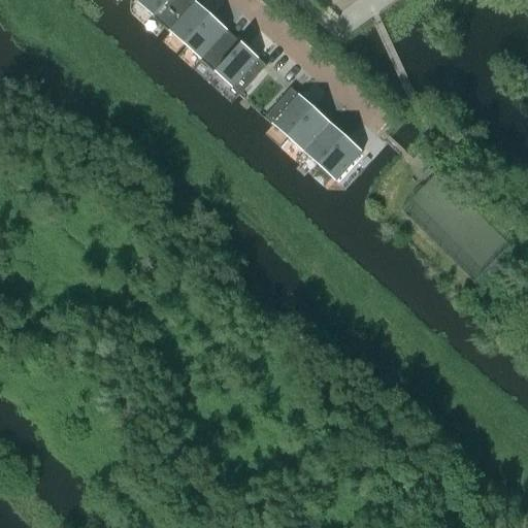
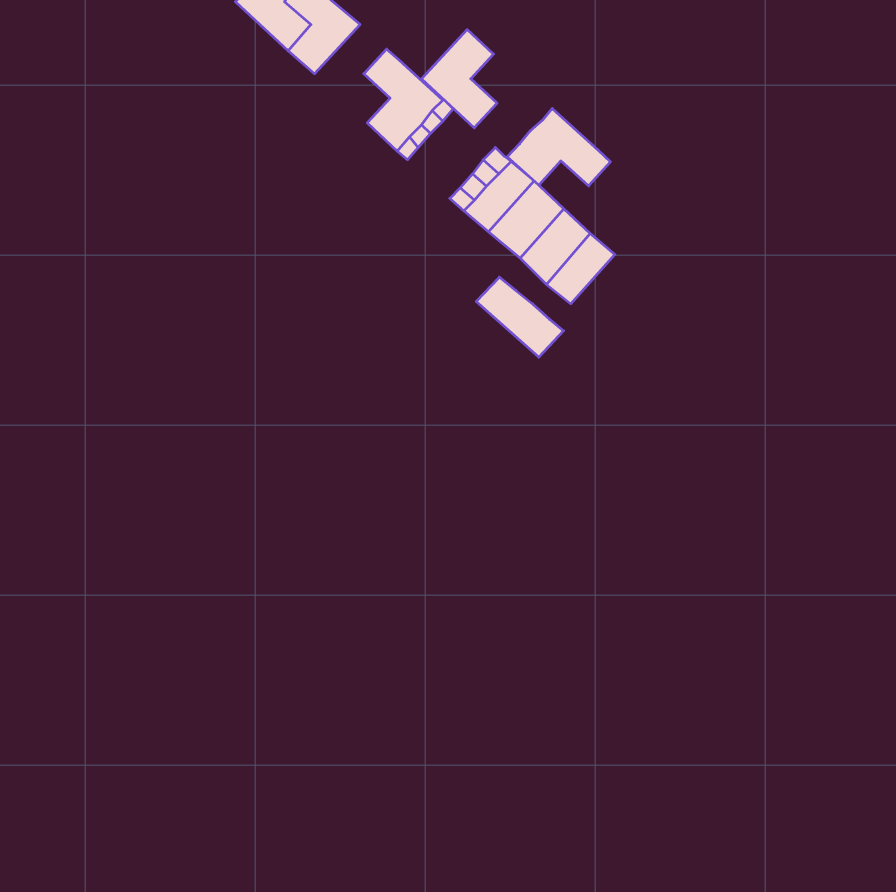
building: [186,14,230,72] -> [422,30,497,128]
building: none -> [507,108,610,186]
building: none -> [476,277,564,357]

